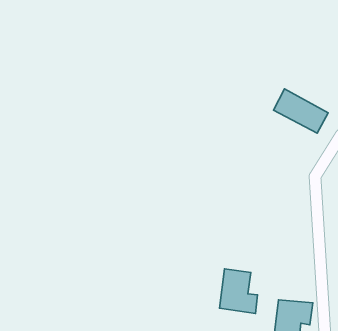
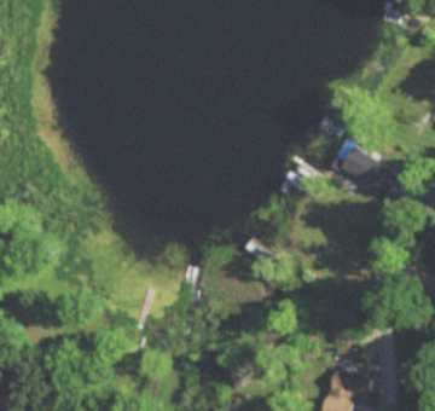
building: [220,269,258,313] -> none

